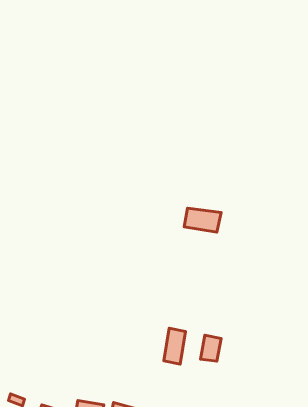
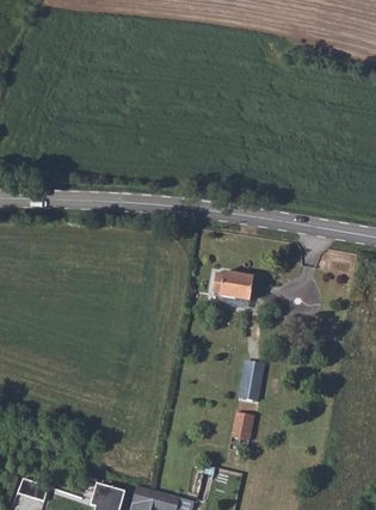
building: [164,328,186,364] -> [239,361,263,400]

